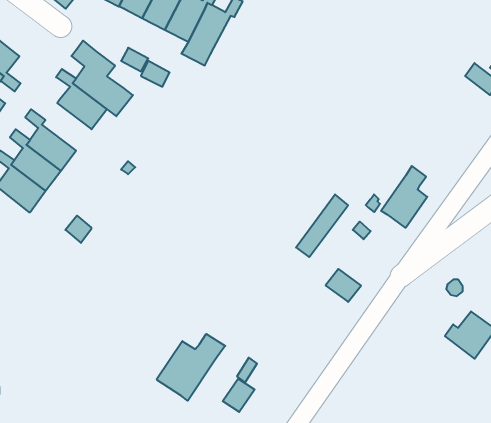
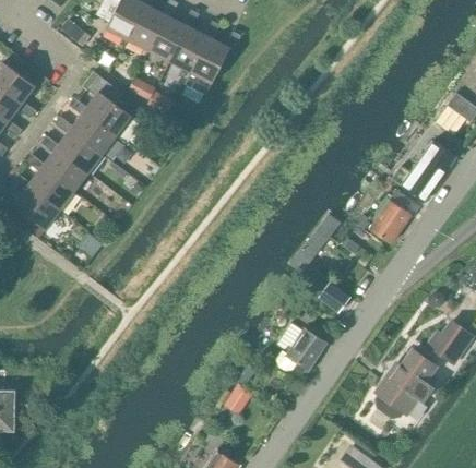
building: none -> [55,117,102,173]
building: none -> [391,141,456,203]
building: none -> [276,325,326,371]
building: [157,334,225,401] -> none
building: none -> [376,350,438,418]

